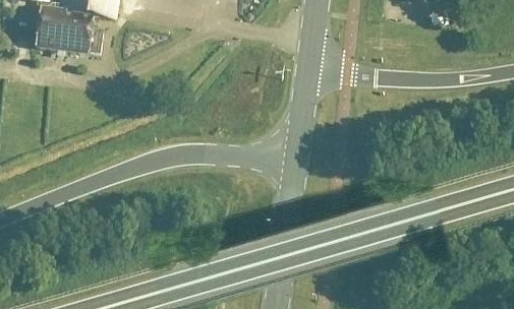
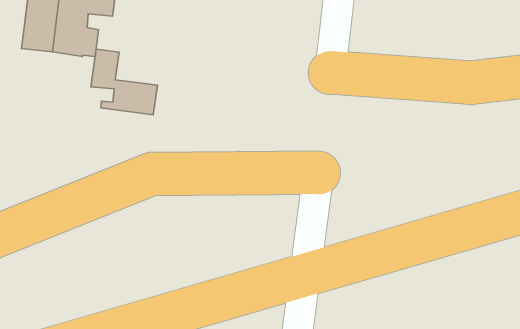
building: none -> [91,49,158,115]

